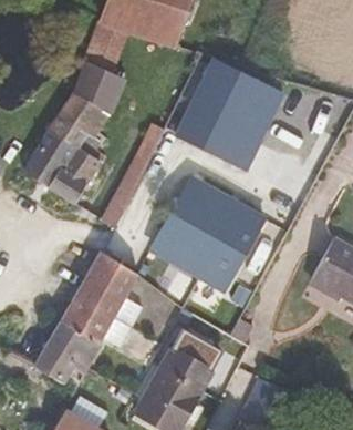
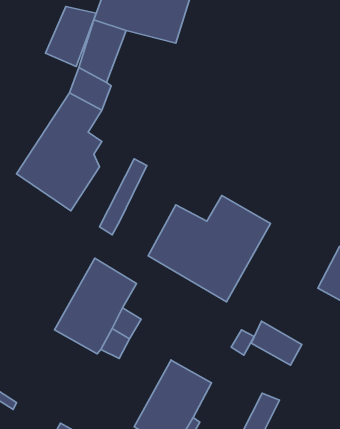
building: none -> [45,6,96,67]
building: [175,55,285,172] -> none
building: [176,175,220,215] -> none
building: [33,319,102,383] -> none
building: [173,328,221,370] -> [251,321,302,365]

